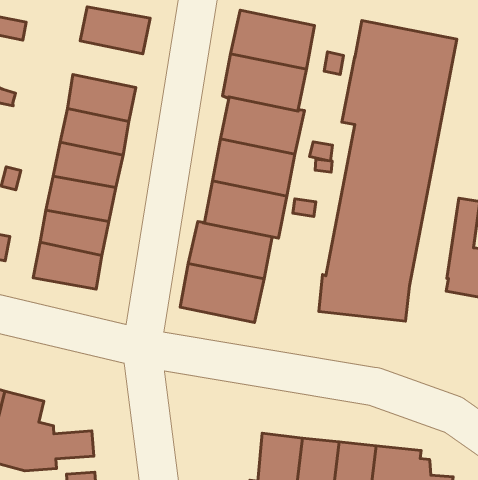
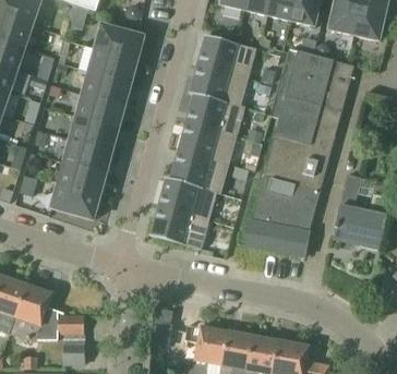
building: none -> [87,48,136,83]

